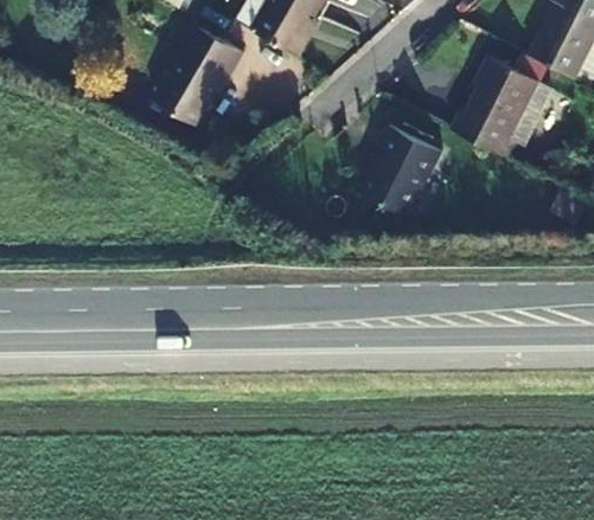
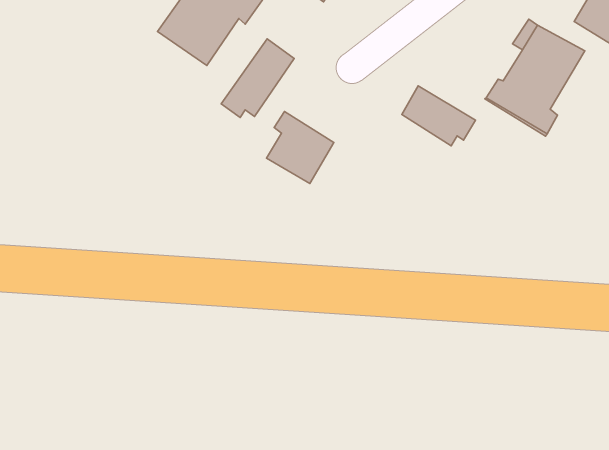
building: none -> [221,39,294,117]
building: [366,152,427,216] -> [266,111,334,184]

